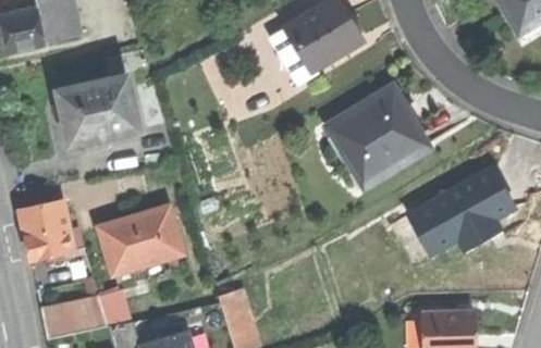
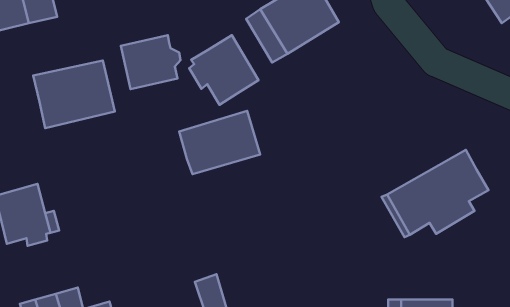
building: none -> [189,35,258,105]
building: none -> [121,35,181,89]
building: [327,84,430,185] -> none
building: [102,207,183,270] -> [179,111,260,174]

